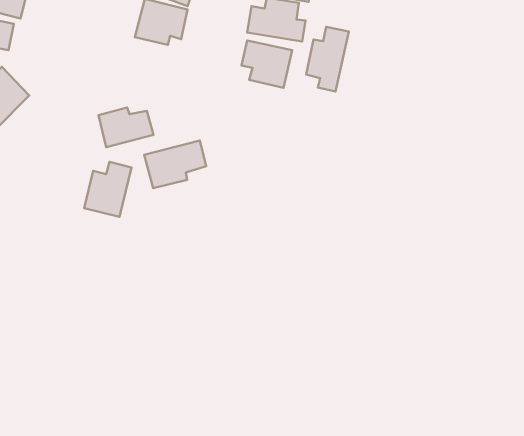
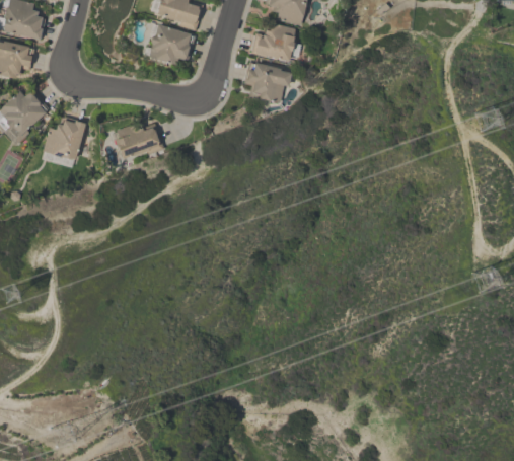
building: [306,27,349,91] -> none
building: [144,141,206,188] -> none
building: [84,162,132,217] -> [42,117,85,167]

